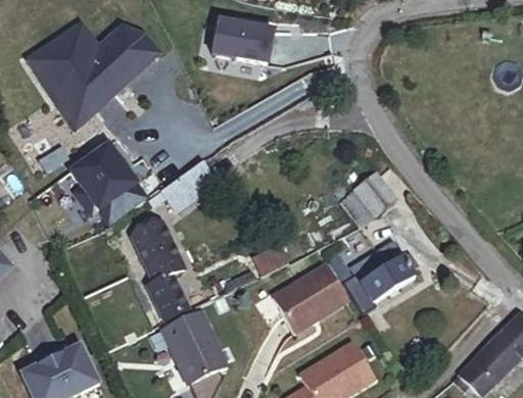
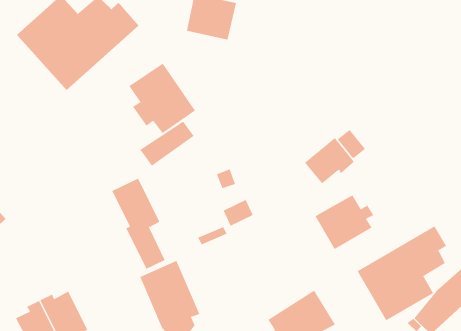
building: [70,146,144,223] -> [128,63,196,134]
building: [273,267,347,335] -> none
building: none -> [357,225,447,321]

